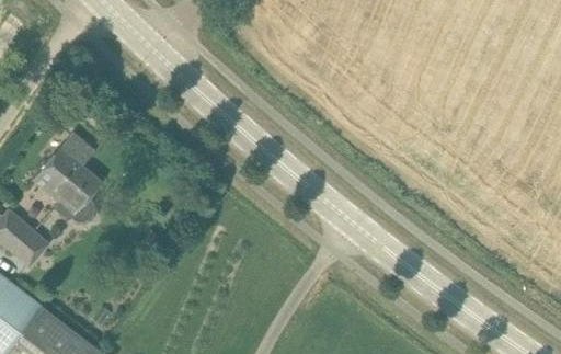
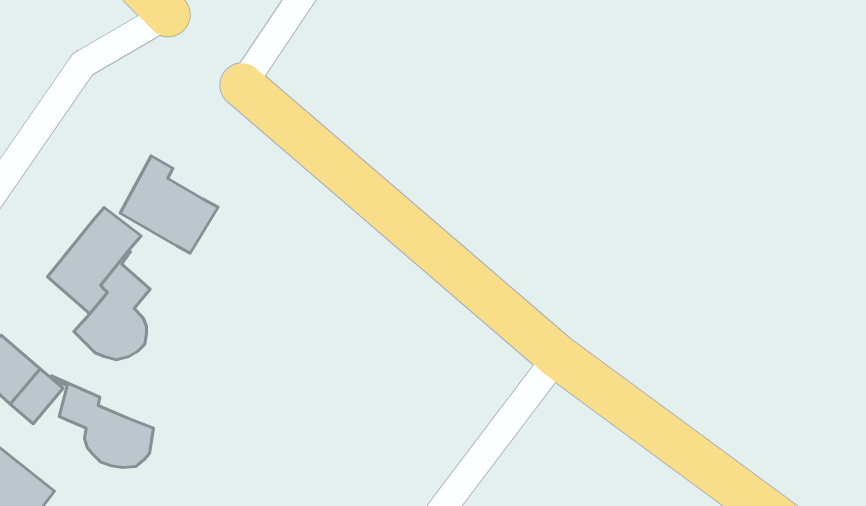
building: none -> [120,156,218,253]
building: none -> [51,376,154,468]

